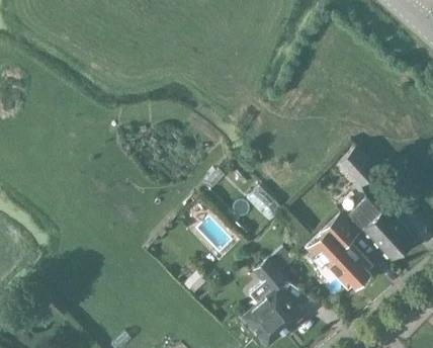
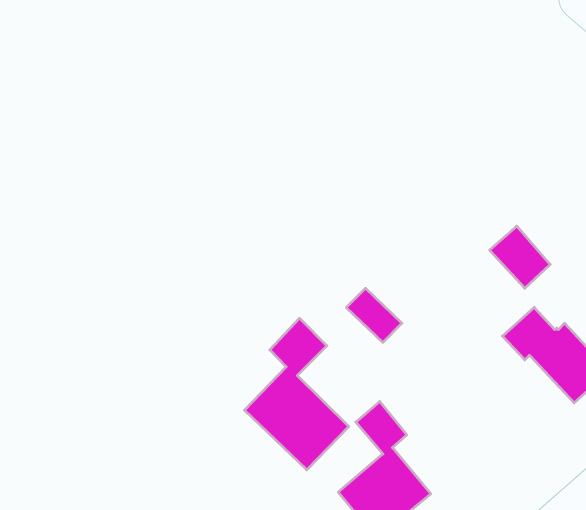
building: none -> [244,318,349,470]
building: [310,213,373,288] -> none

